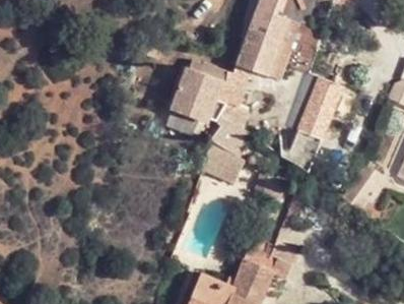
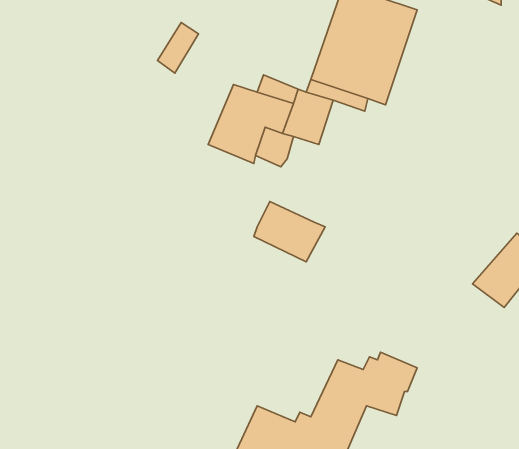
building: [279,71,347,172] -> none
building: [209,118,251,157] -> none

